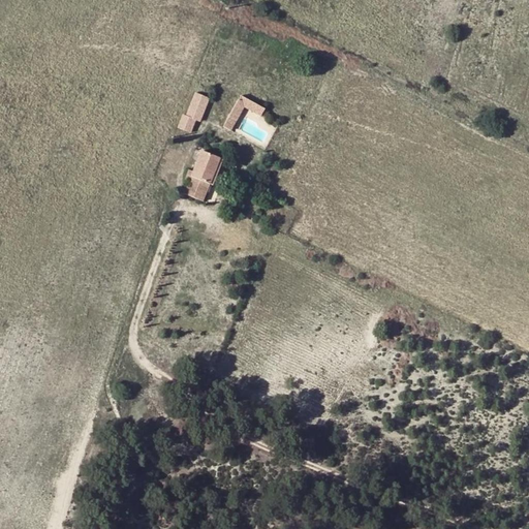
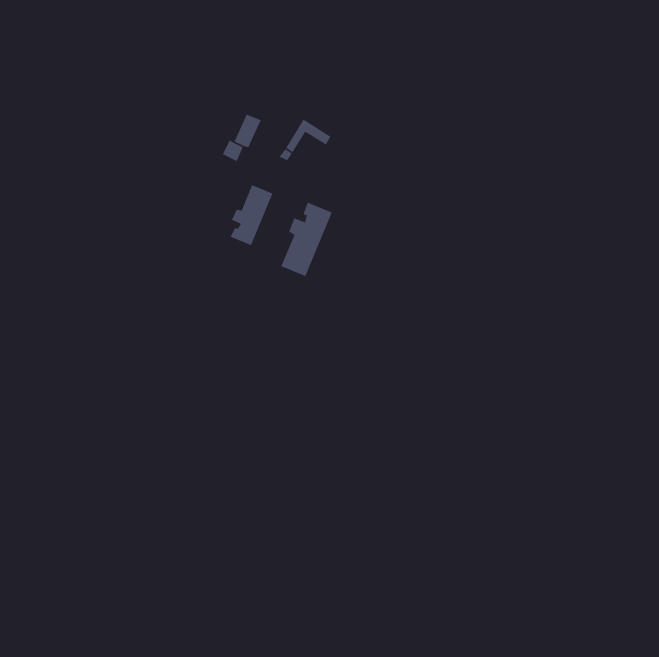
building: none -> [280,201,333,277]

